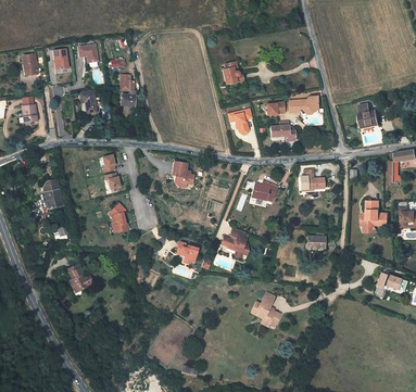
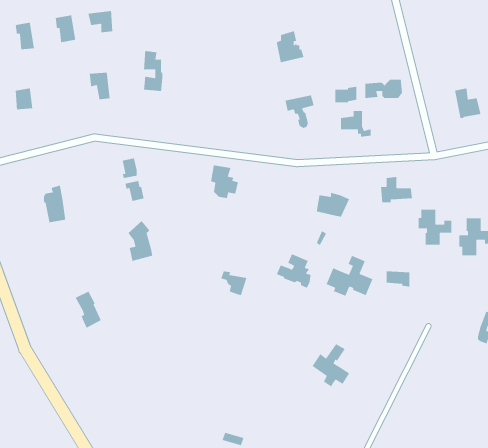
building: none -> [418,209,452,246]
building: none -> [325,255,373,297]

